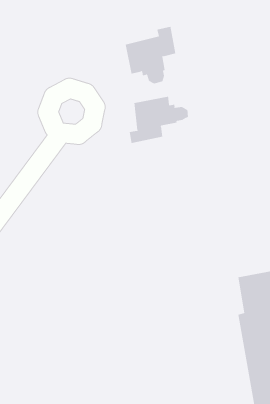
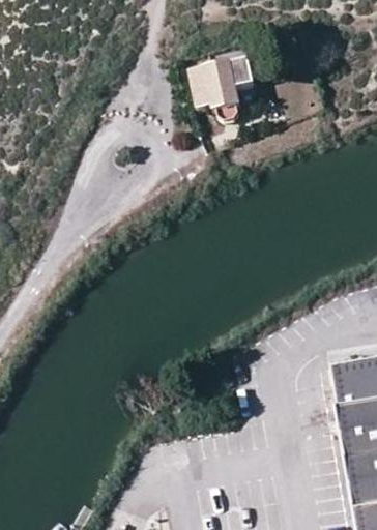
building: [129,96,188,144] -> none

